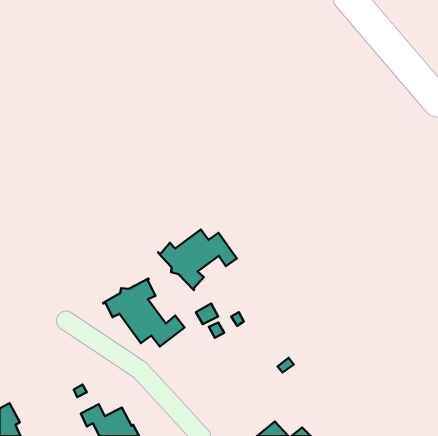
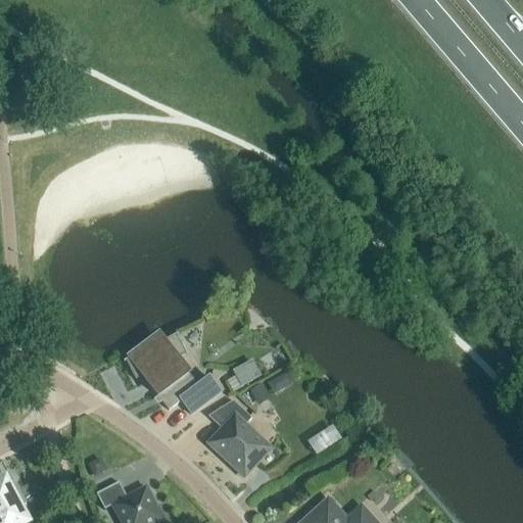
building: [158,229,237,290] -> none
building: none -> [206,398,267,475]

